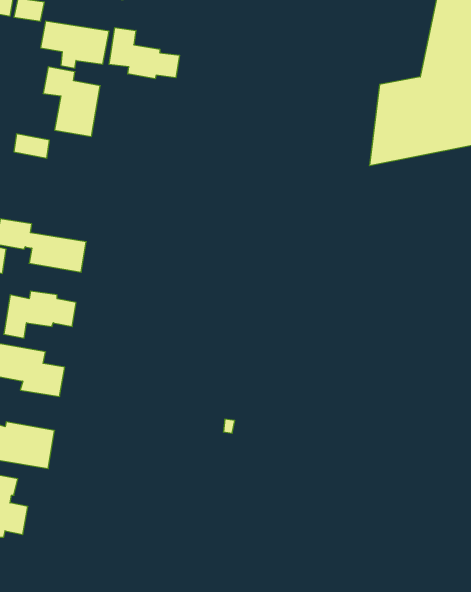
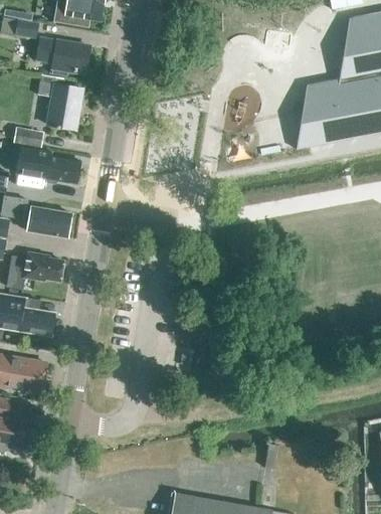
building: [109,28,180,79] -> none
building: none -> [20,151,80,183]

